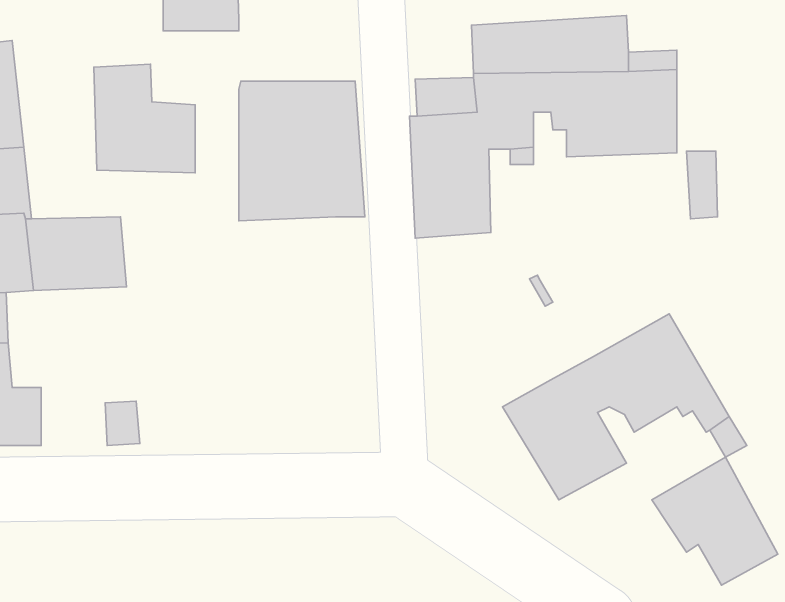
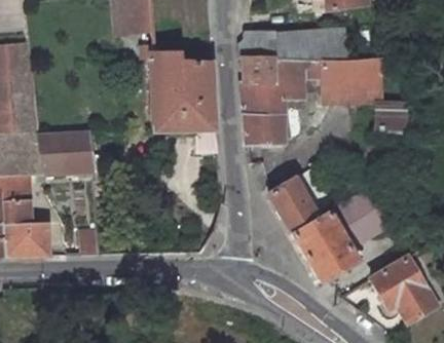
building: none -> [238,31,274,60]
building: [94,64,195,173] -> none
building: none -> [267,178,316,233]

